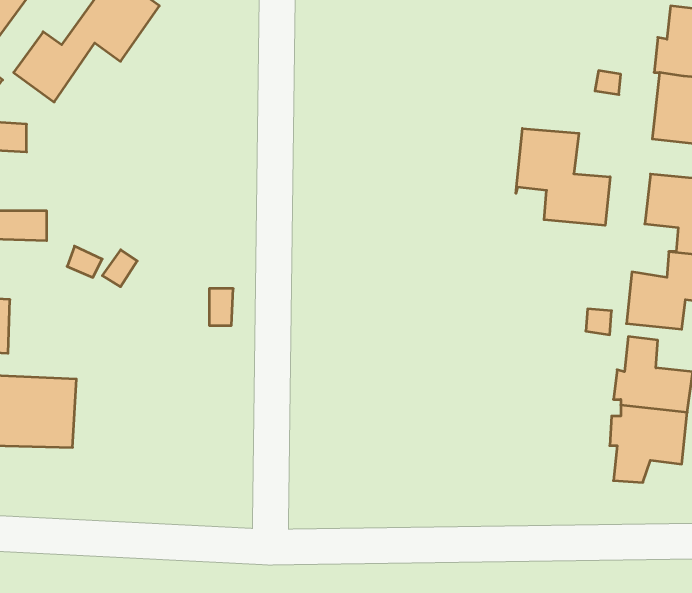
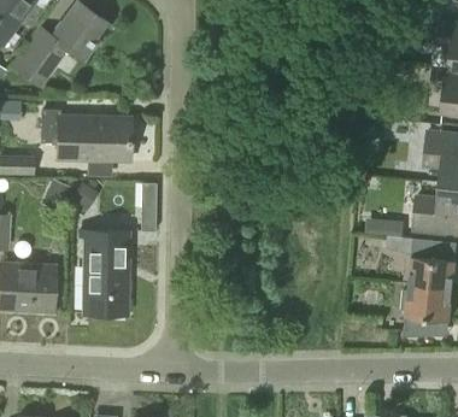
building: [516,128,610,225] -> none
building: none -> [41,107,130,159]
building: none -> [80,230,128,313]

